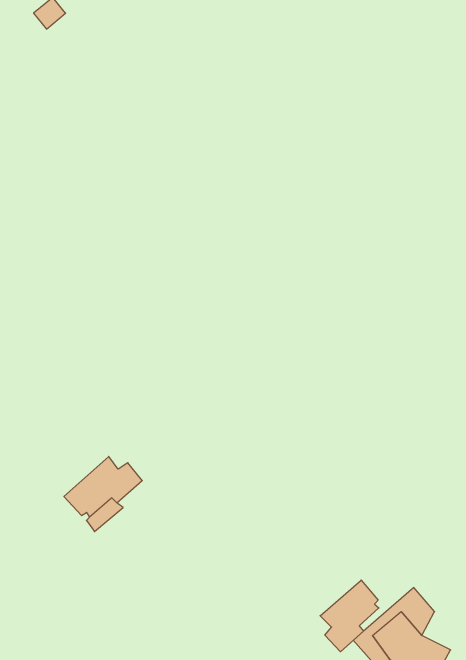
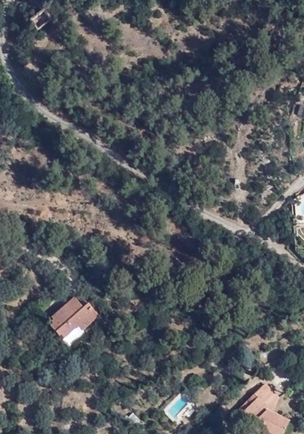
building: [320,580,379,652] -> none

